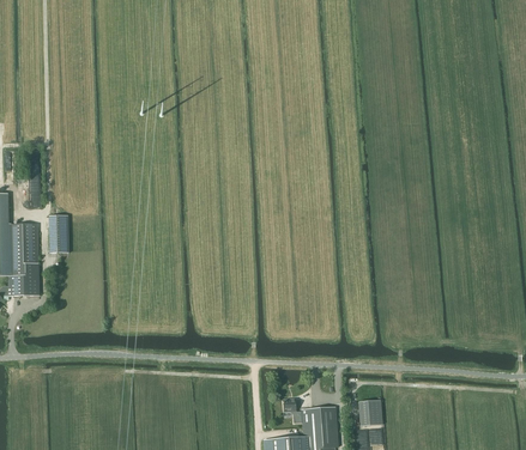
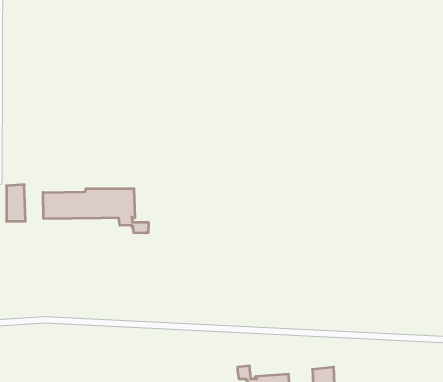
building: none -> [43,189,148,233]

